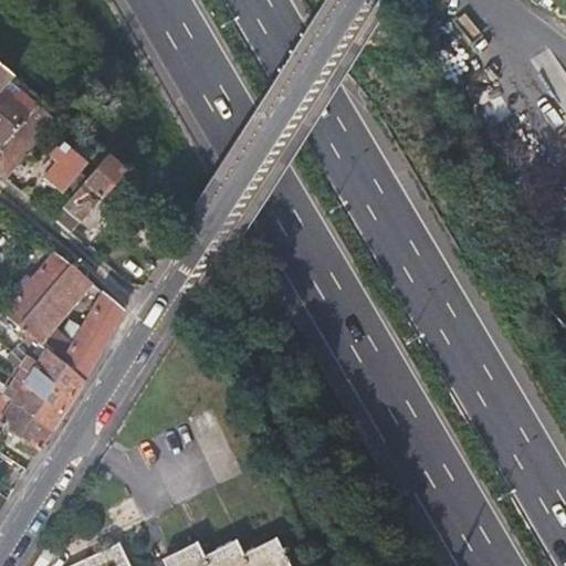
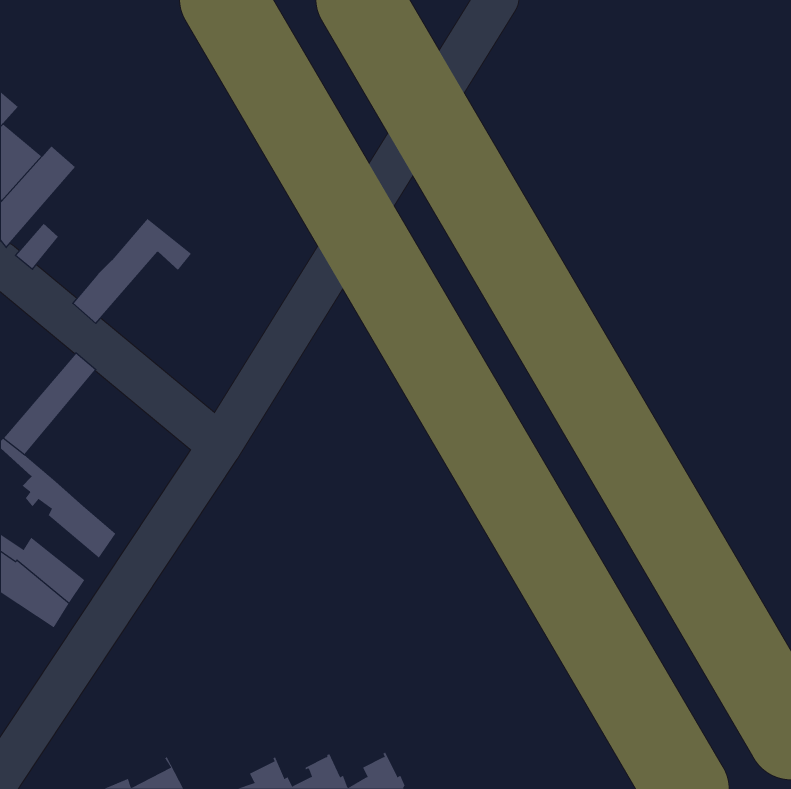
building: [43,144,85,196] -> none
building: [18,264,90,344] -> none
building: [60,291,123,381] -> none
building: [20,357,71,415] -> none

